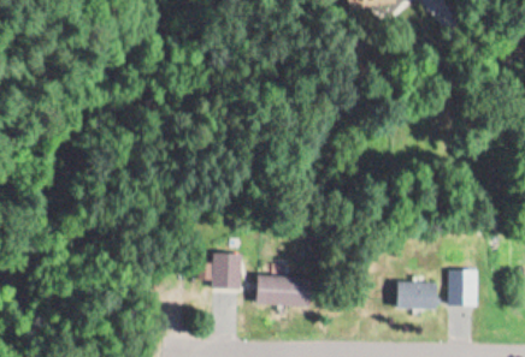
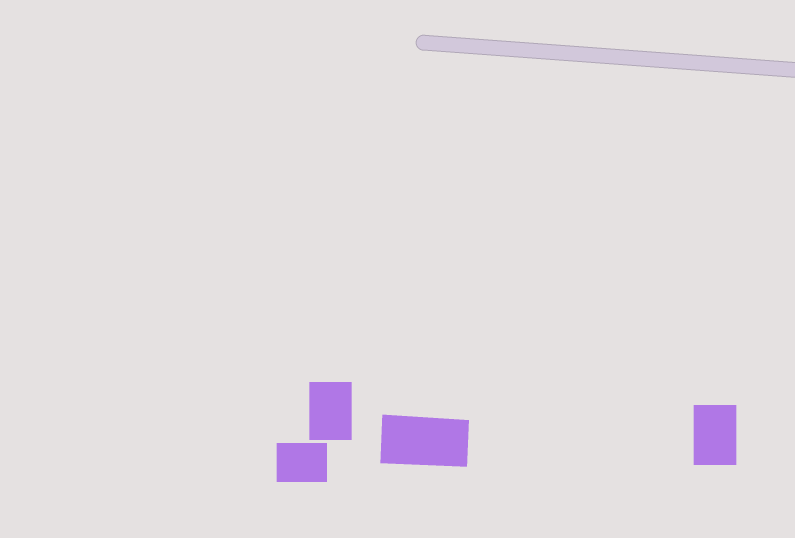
building: [397,281,437,309] -> none
building: none -> [276,442,328,483]

